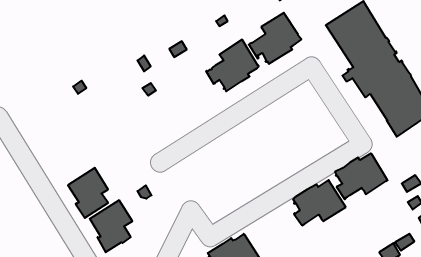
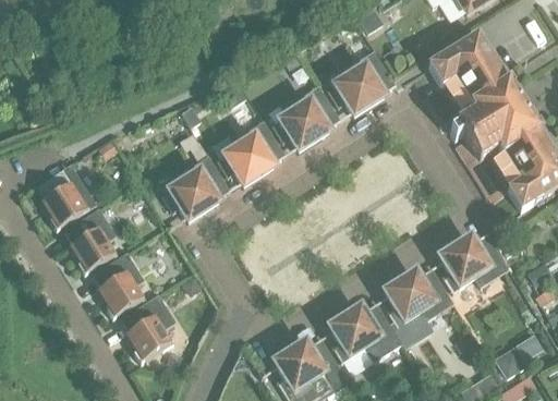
building: none -> [216,121,286,187]
building: none -> [161,156,230,222]
building: none -> [36,163,94,229]
building: none -> [64,208,116,272]
building: none -> [329,303,401,363]

